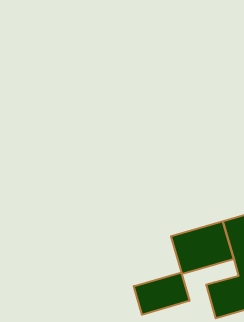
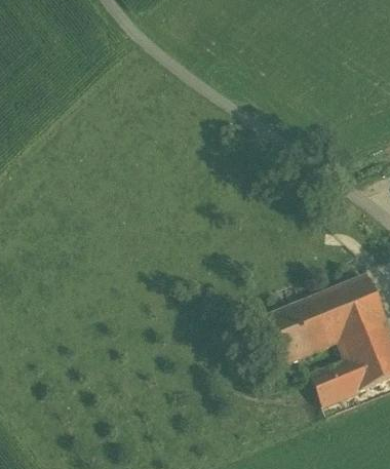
building: [134,272,189,315] -> none

